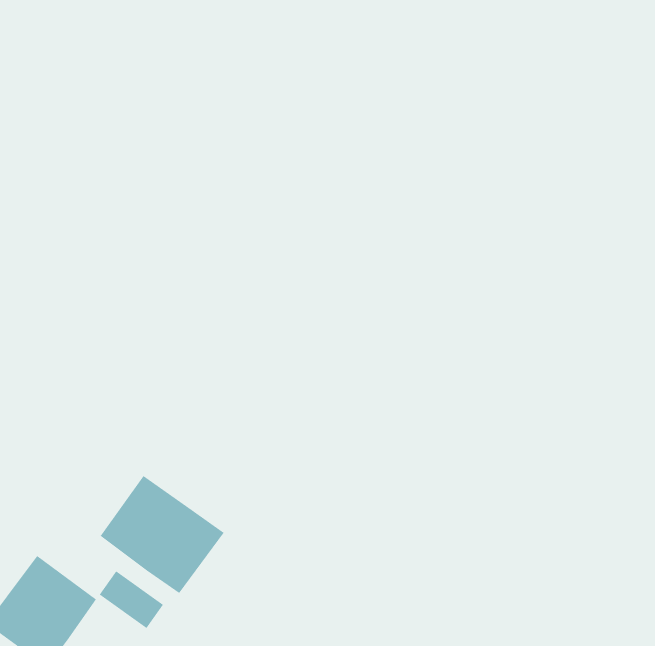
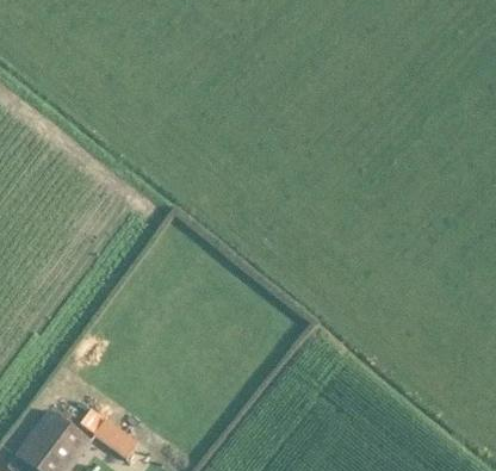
building: [100,475,224,594] -> none

